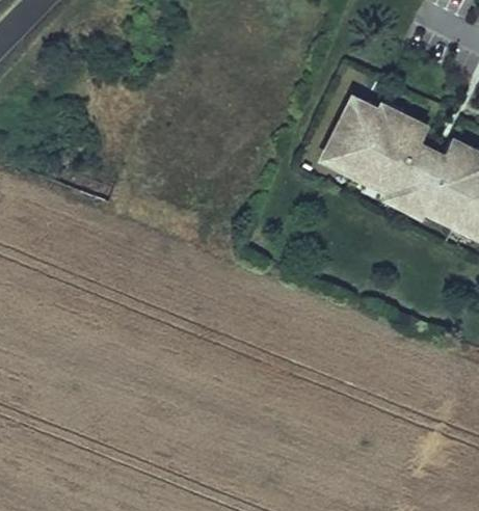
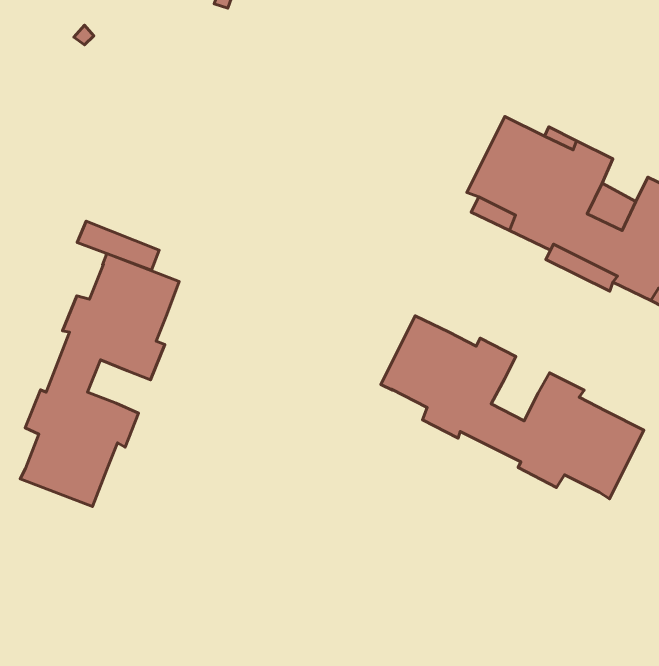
building: none -> [20,254,179,507]
building: none -> [381,316,644,499]

